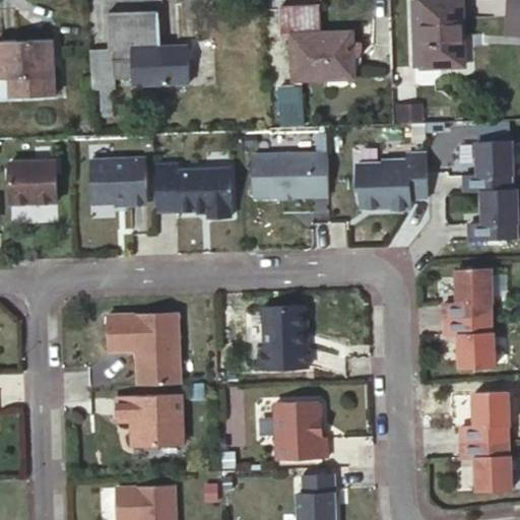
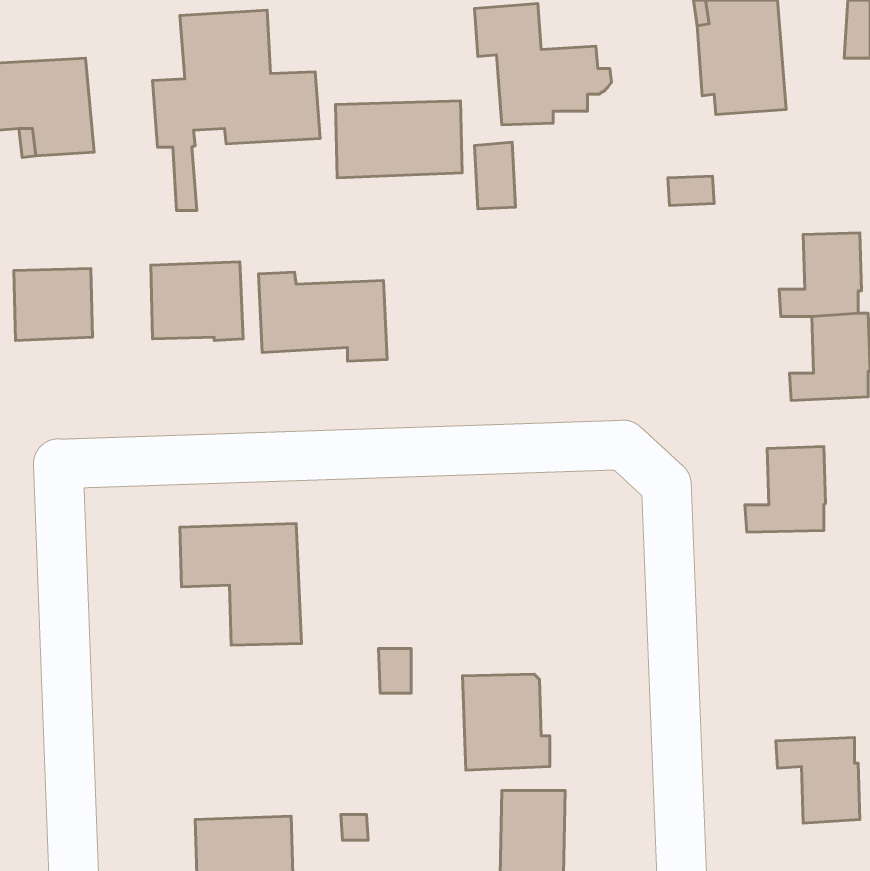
building: [252,153,327,199] -> [335,101,462,178]
building: [355,154,427,210] -> none
building: [258,305,307,369] -> none
building: [443,317,493,367] -> none
building: [459,390,508,442] -> none
building: [115,394,182,445] -> none

